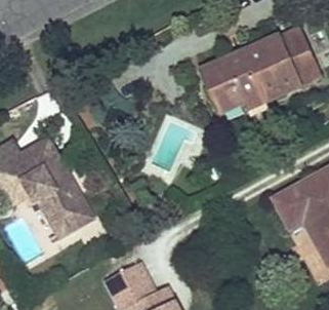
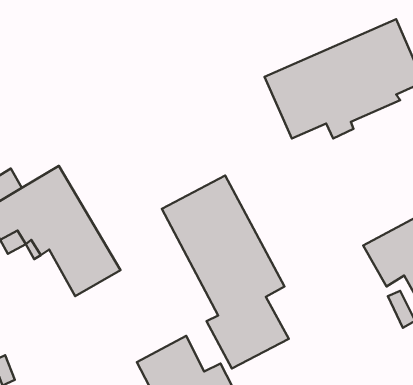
building: none -> [162,176,289,369]

